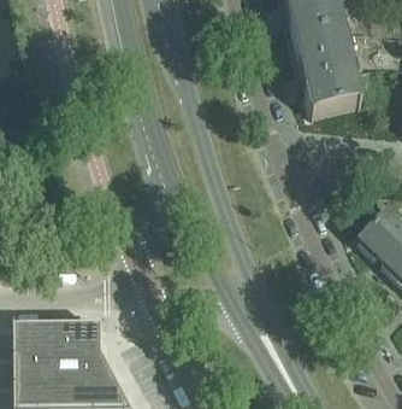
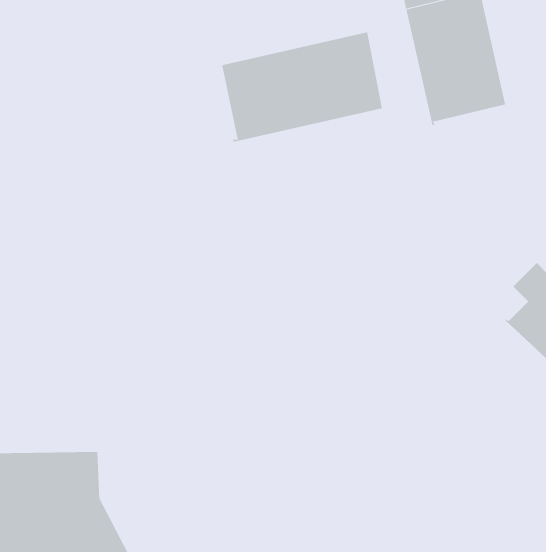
building: none -> [216,31,383,142]

